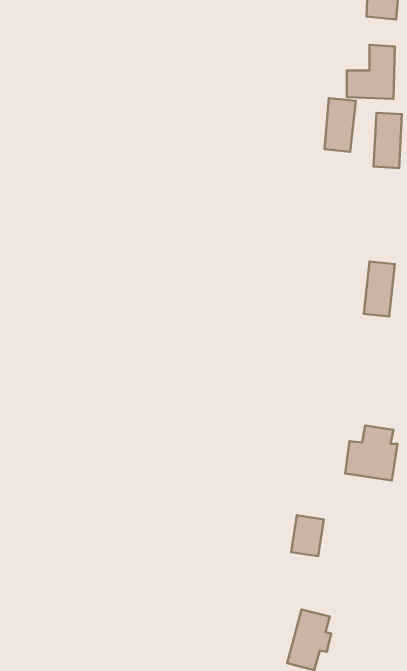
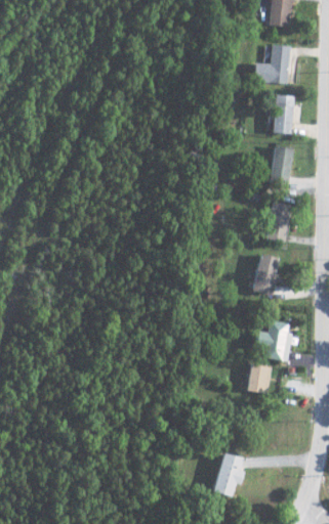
building: [325,98,356,152] -> [272,146,294,185]
building: none -> [252,254,281,296]
building: [291,515,324,556] -> [247,364,271,394]

